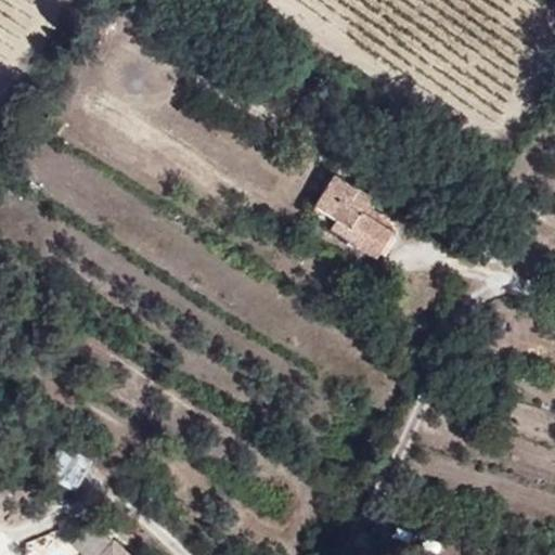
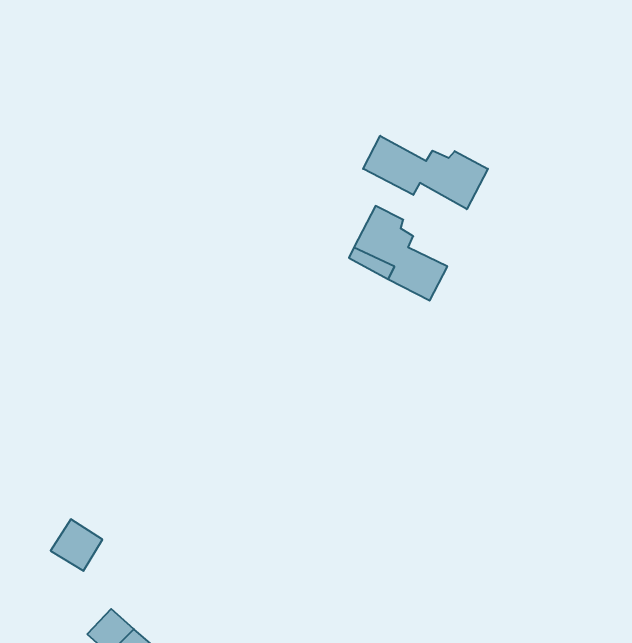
building: none -> [363,136,488,209]

